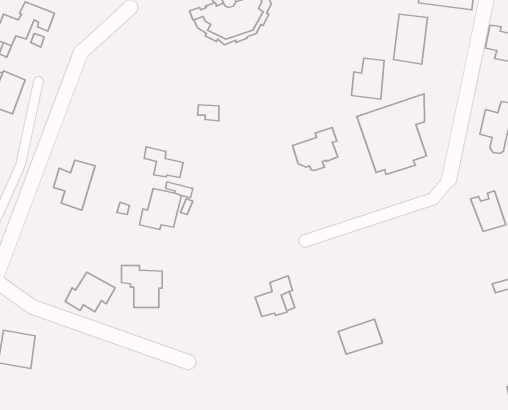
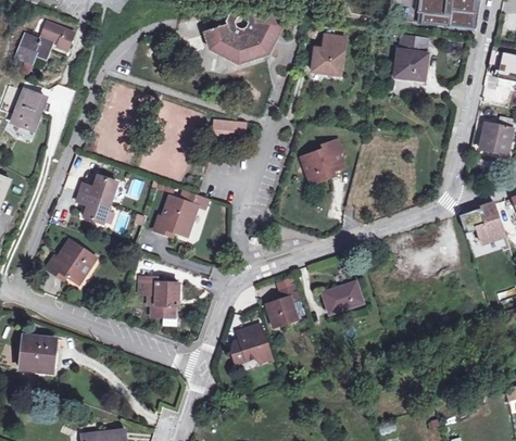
building: [351,58,384,99] -> [312,35,343,74]
building: [357,94,426,175] -> none
building: [144,147,183,177] -> none
building: [65,272,115,312] -> [45,239,92,277]
building: none -> [231,324,269,361]
building: [338,319,383,354] -> [320,281,363,315]

